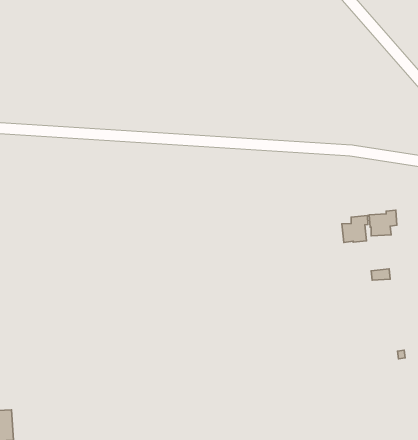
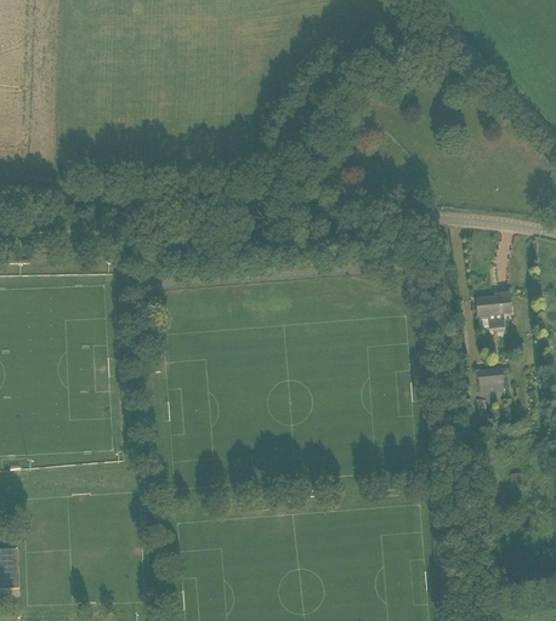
building: [342,216,368,242] -> none

